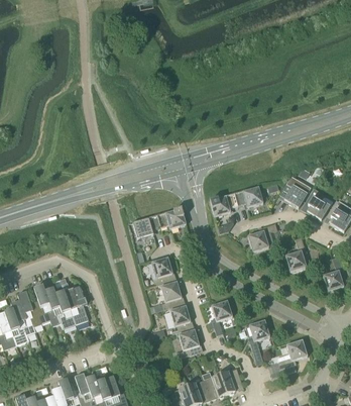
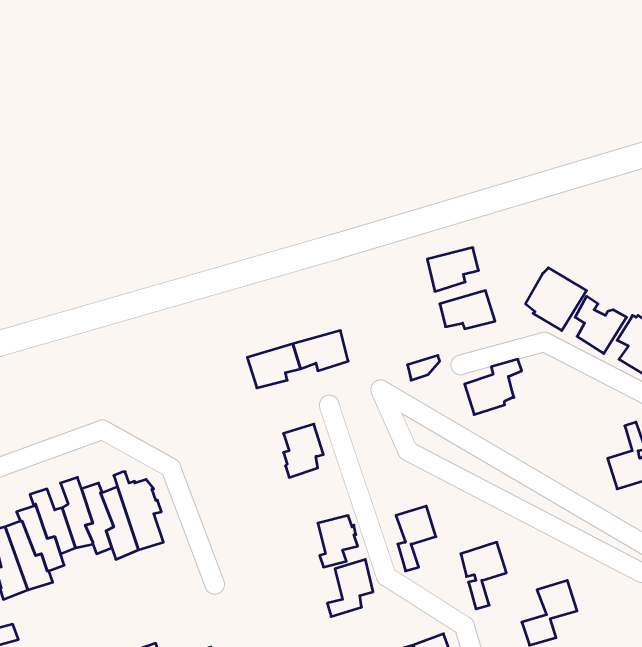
building: [210,193,237,216] -> [427,248,479,291]
building: [284,236,307,271] -> none
building: [160,281,182,309] -> none

